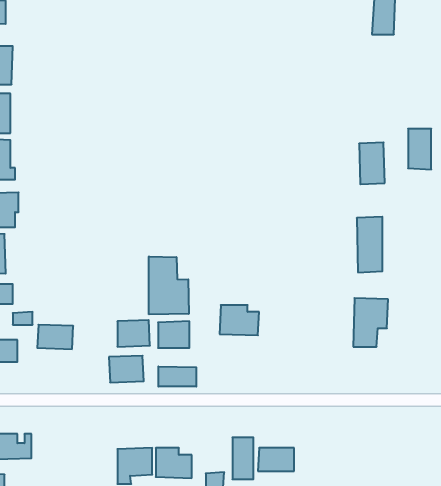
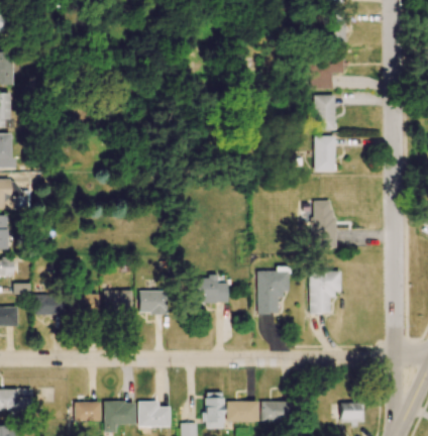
building: none -> [311,57,344,89]
building: [408,129,431,169] -> [315,95,335,130]
building: [149,256,189,314] -> none
building: none -> [256,266,288,314]
building: [109,356,144,382] -> [69,293,99,316]
building: [158,366,196,387] -> none
building: none -> [260,401,290,422]
building: none -> [75,402,100,421]
building: none -> [339,403,362,423]

